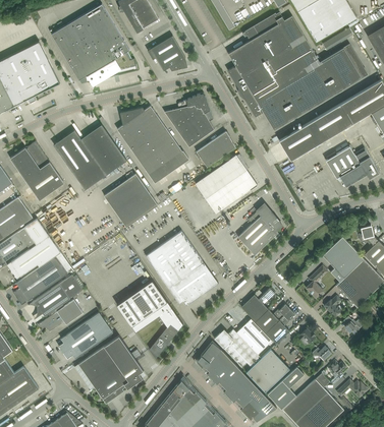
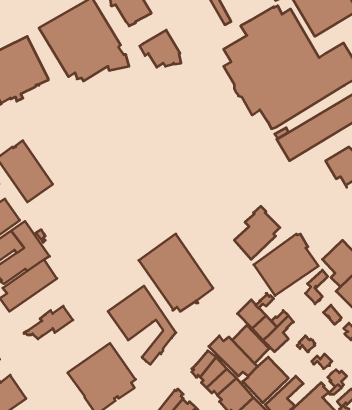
building: [165,93,215,147] -> none
building: [117,106,189,183] -> none
building: [54,124,127,189] -> none
building: [197,131,236,167] -> none
building: [196,155,258,214] -> [254,234,318,296]
building: [104,174,158,228] -> none
building: [29,274,85,320] -> none
building: [59,312,113,359] -> none

